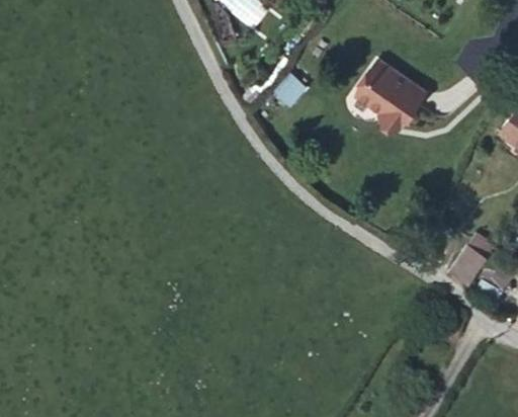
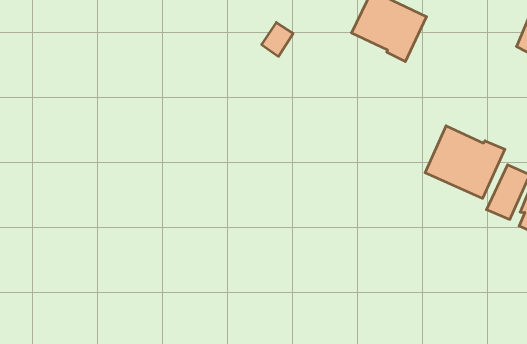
building: none -> [425,126,505,198]

